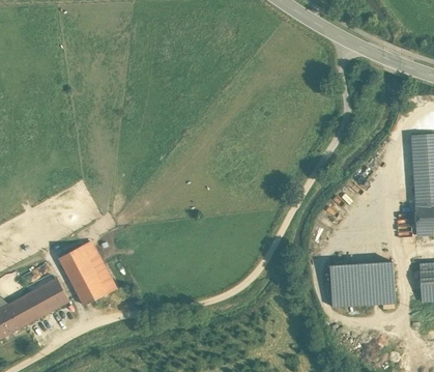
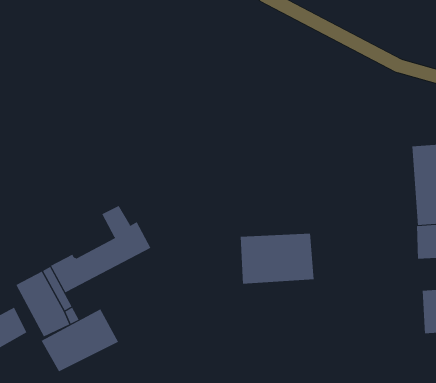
building: none -> [50,205,151,293]
building: [330,261,397,307] -> [240,233,314,284]
building: none -> [41,309,119,372]

